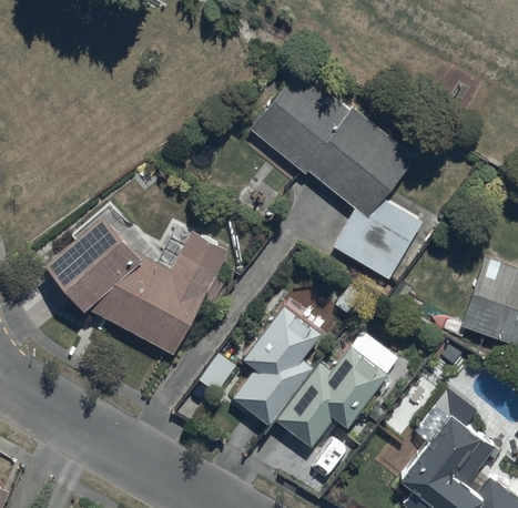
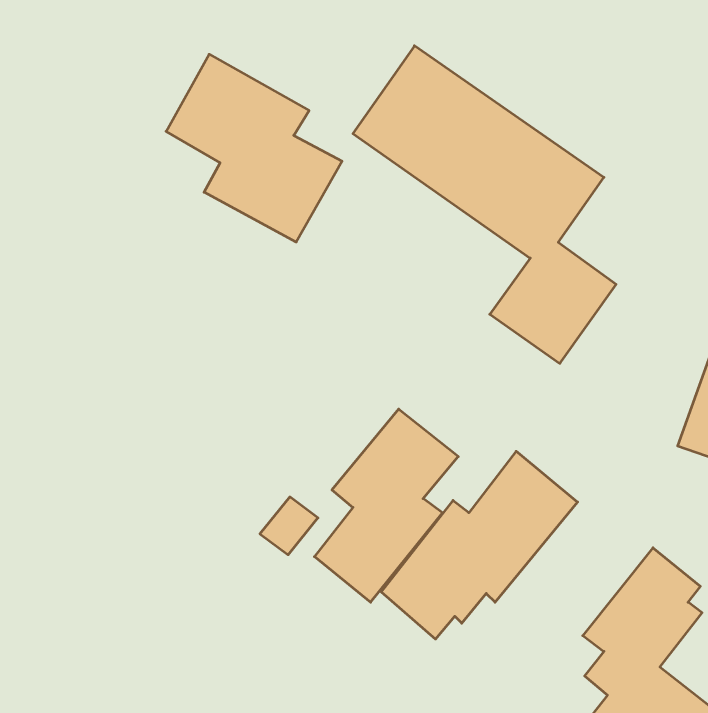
building: none -> [166,54,342,242]
building: [47,211,230,355] -> none

